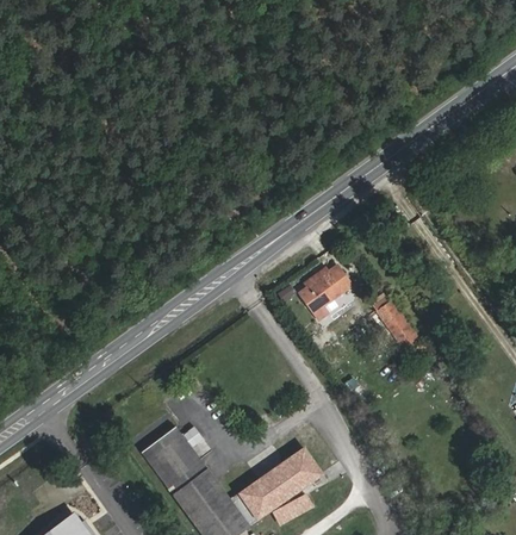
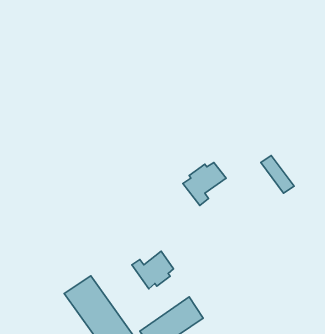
building: [371,294,416,346] -> [261,156,294,193]
building: none -> [132,251,173,289]

